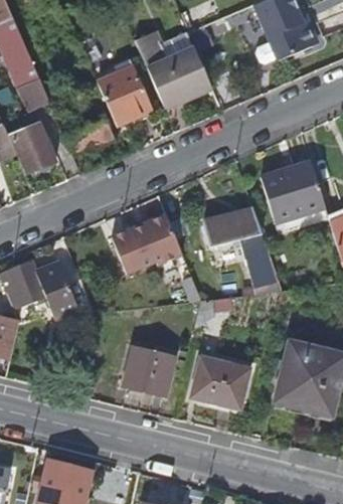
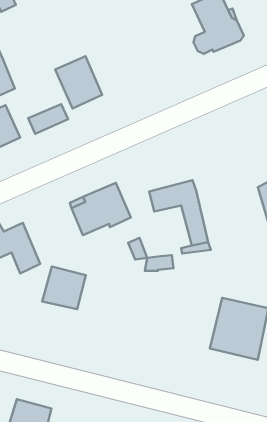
building: [135,31,212,109] -> none
building: [264,162,328,223] -> none
building: [124,346,174,395] -> [42,267,86,309]
building: [190,357,250,408] -> none

